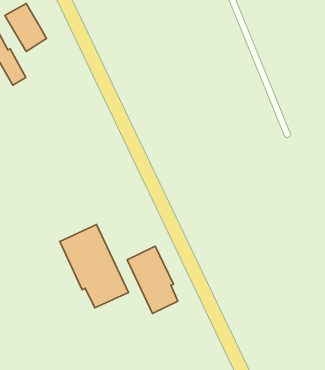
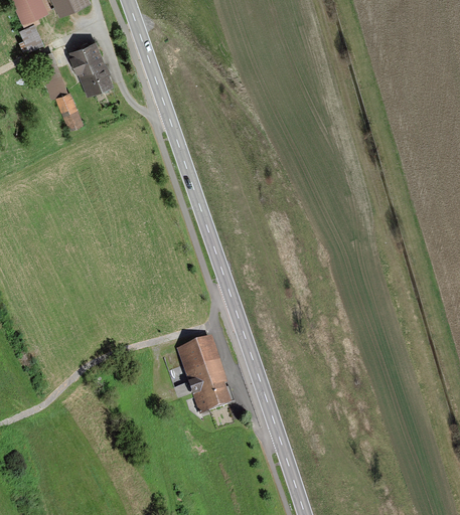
building: [60,225,128,308] -> none

